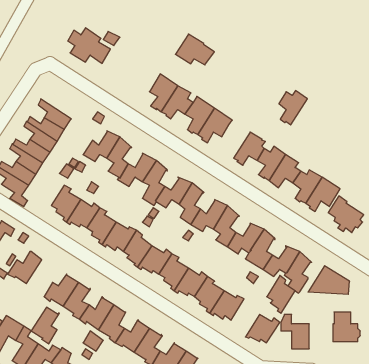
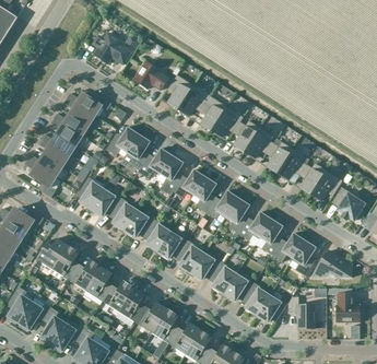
building: [175,34,214,65] -> [133,61,169,90]
building: [279,91,307,125] -> [234,120,260,152]
building: none -> [67,93,110,116]
building: [267,275,295,313] -> [243,282,269,317]
building: [31,307,59,344] -> [54,246,80,280]

